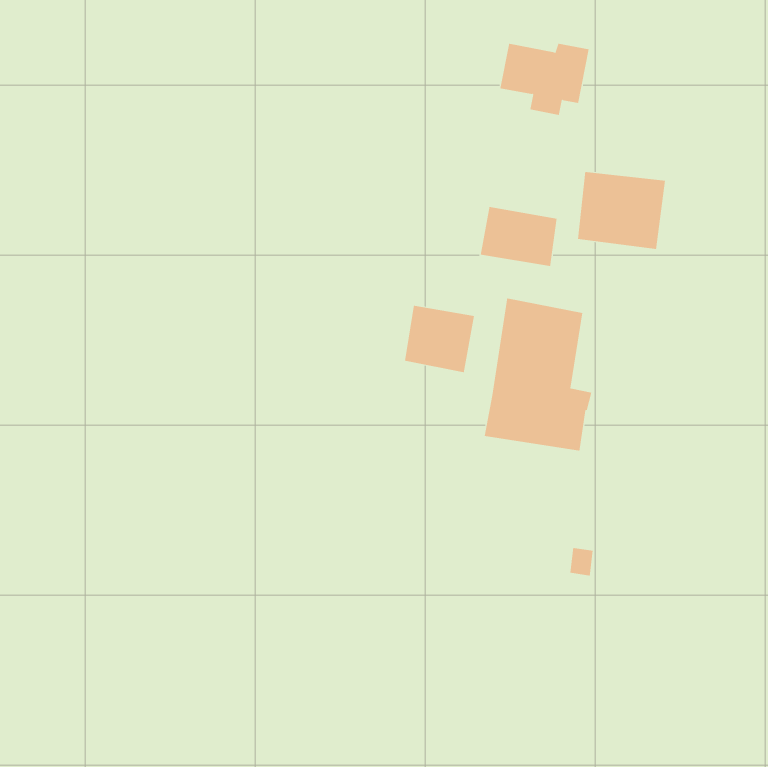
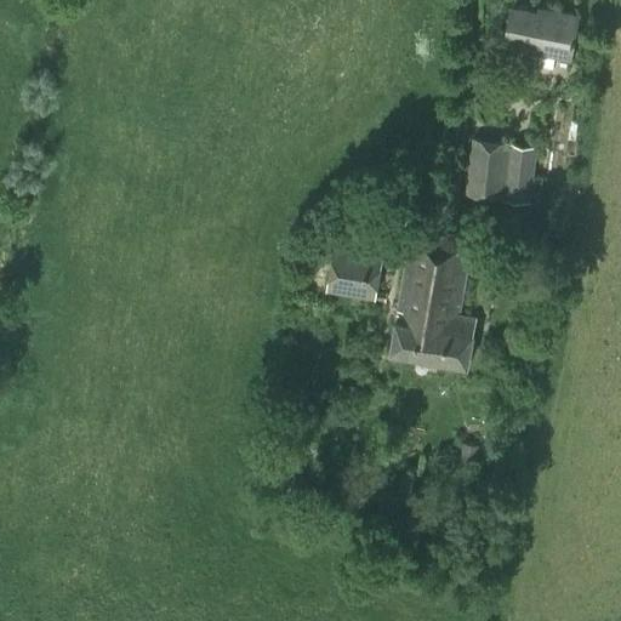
building: [499,43,590,115] -> [505,10,577,68]
building: [480,206,557,267] -> none

